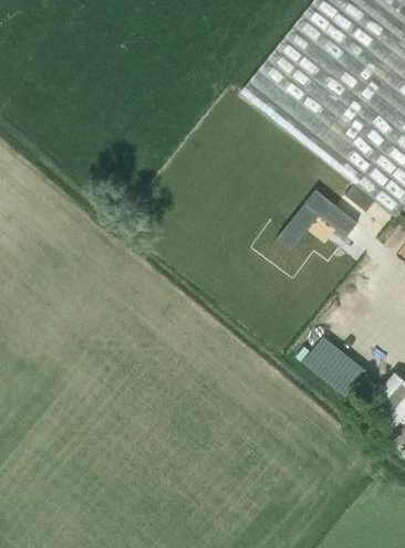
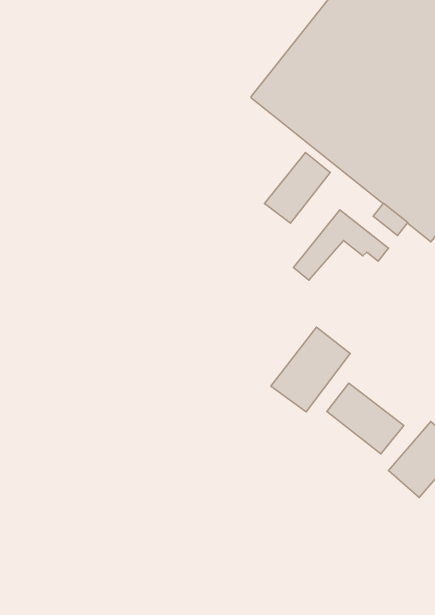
building: none -> [264,153,330,223]
building: none -> [271,327,350,412]

